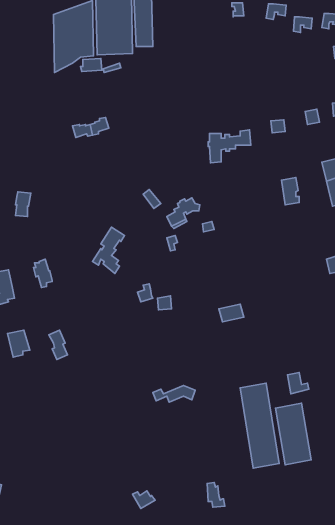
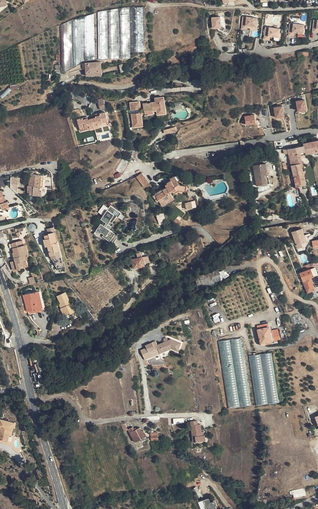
building: [208,130,251,163] -> [128,100,164,128]

